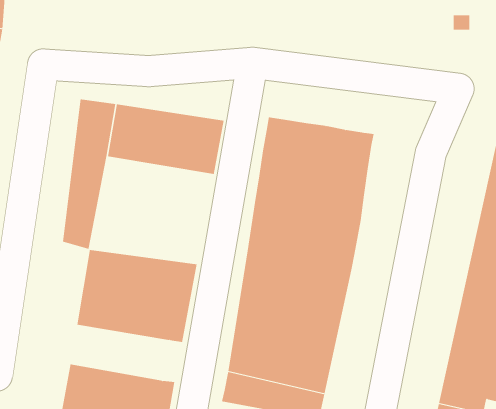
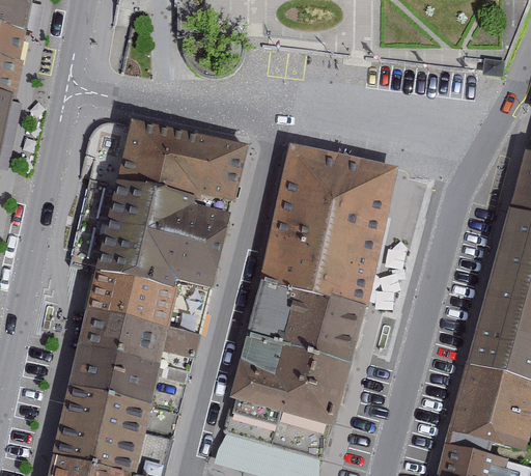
building: none -> [101,173,232,288]
building: none -> [74,342,176,404]

